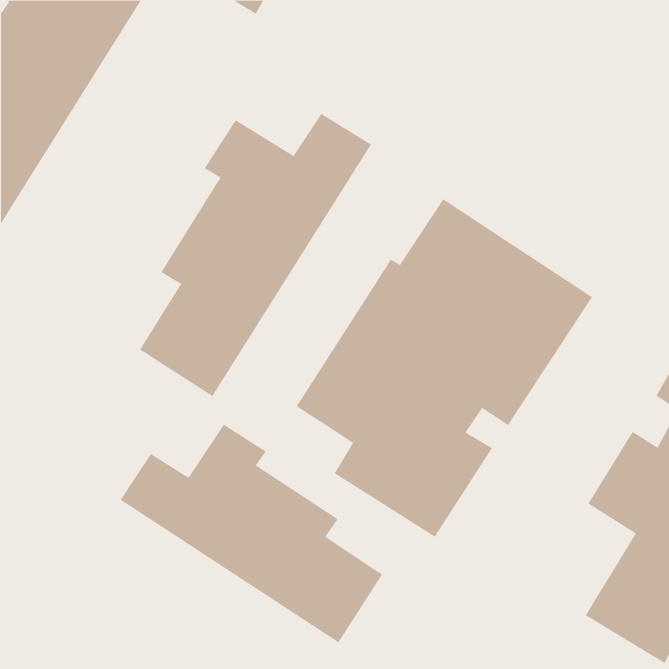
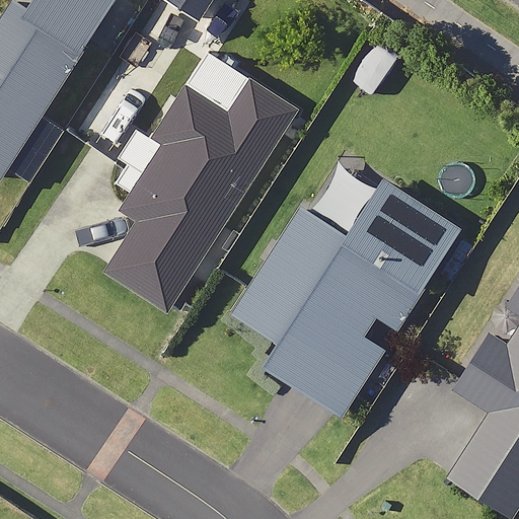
building: [120,424,383,643] -> none

